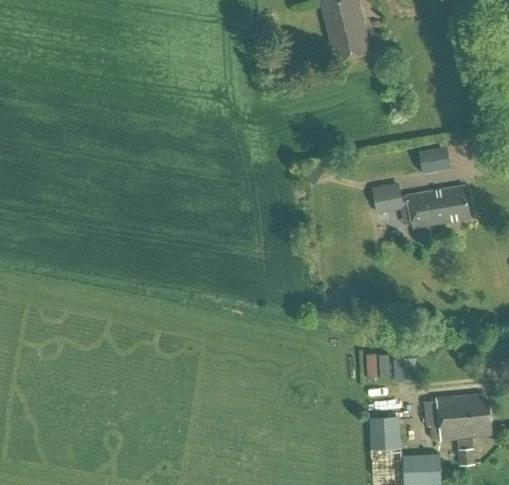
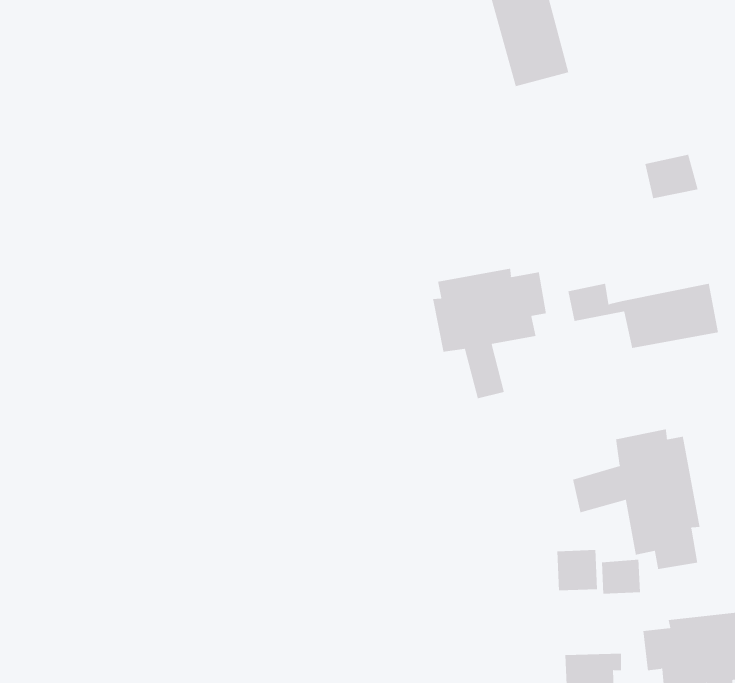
building: [417,145,451,173] -> [644,154,699,199]
building: none -> [432,268,547,399]
building: none -> [573,428,700,570]

